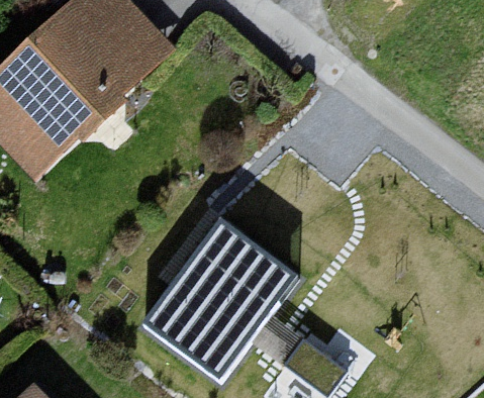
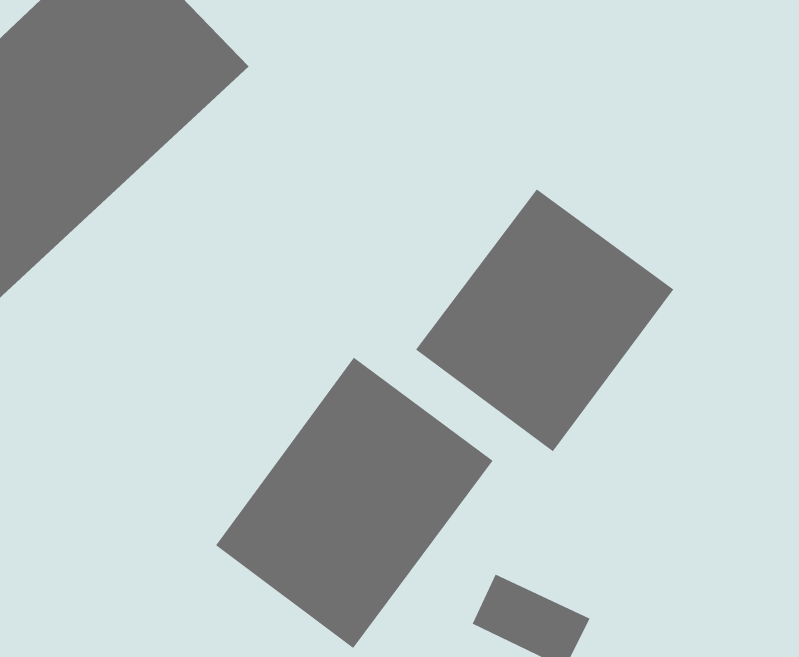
building: none -> [415,189,674,452]

